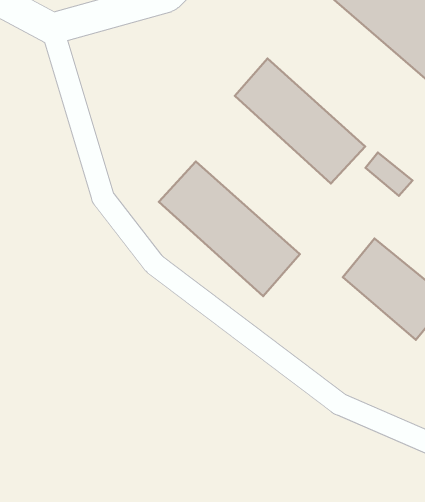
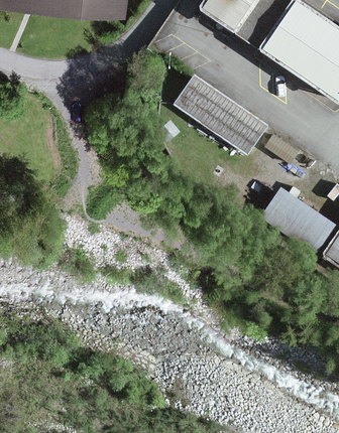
building: [159,161,300,296] -> none

